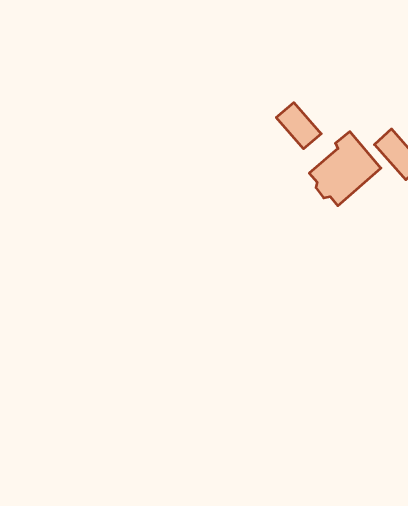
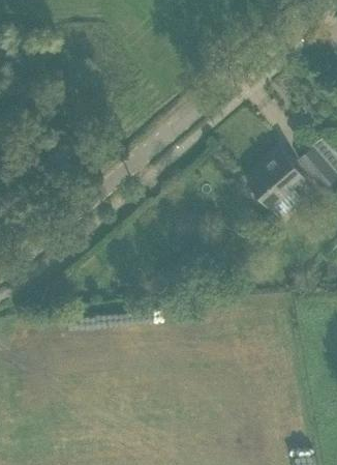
building: [276,103,321,149] -> none

